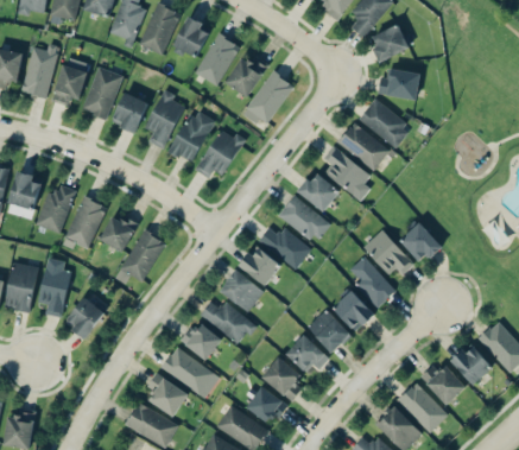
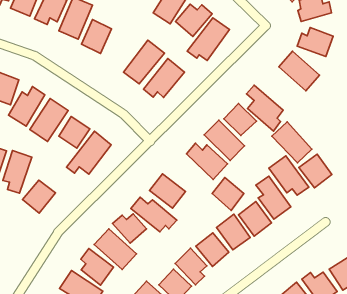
building: [146,89,183,150] -> none
building: [337,122,388,171] -> [272,122,312,163]
building: [241,247,280,286] -> [212,178,244,210]

